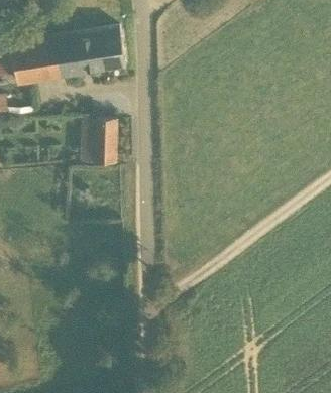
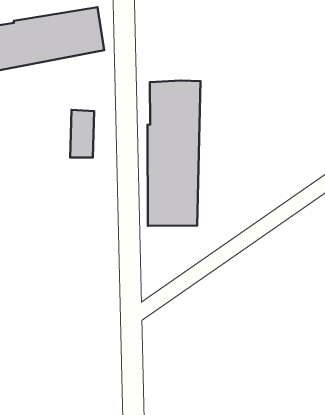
building: none -> [147,81,201,226]

